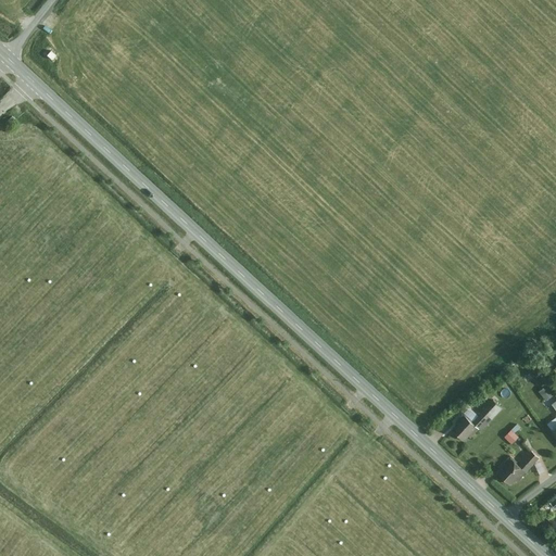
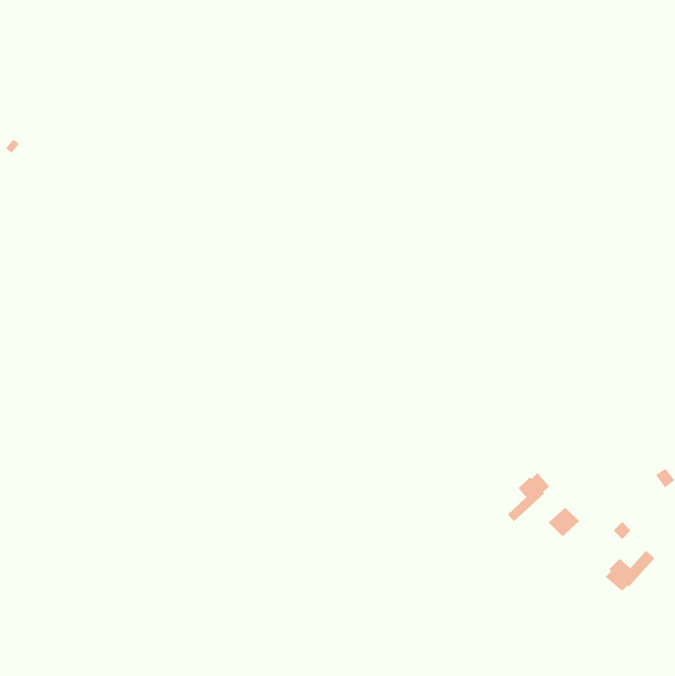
building: none -> [507,472,550,522]

